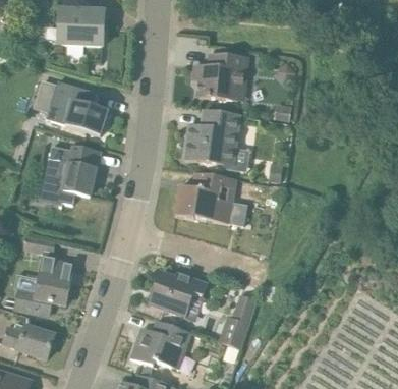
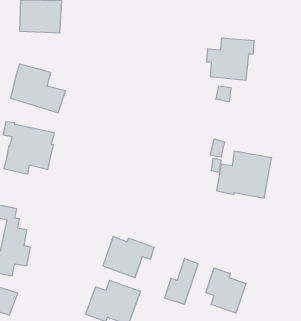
building: [193,53,246,100] -> [207,38,254,80]
building: [184,110,239,164] -> none
building: [175,171,236,223] -> [217,151,272,198]
building: none -> [206,268,246,313]

